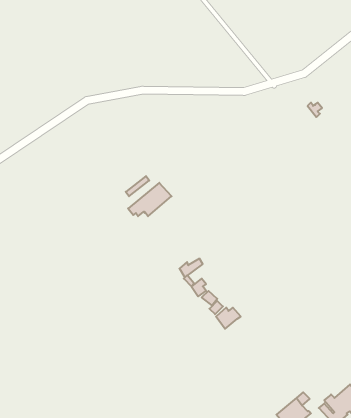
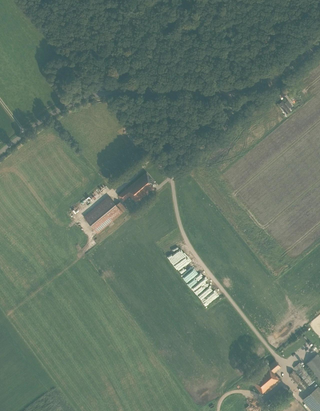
building: none -> [82,194,125,232]

